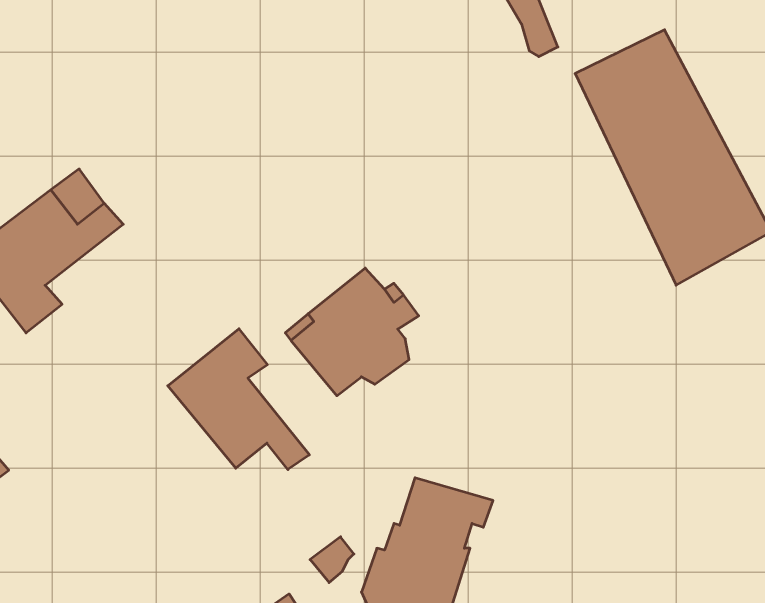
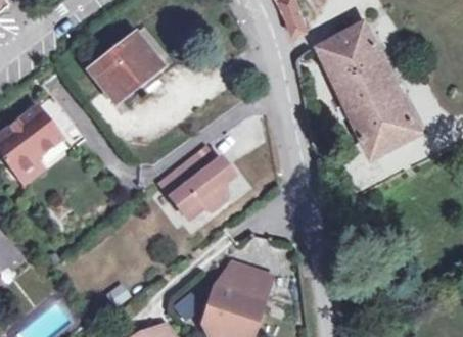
building: none -> [90,26,175,100]
building: [168,329,309,470] -> none

